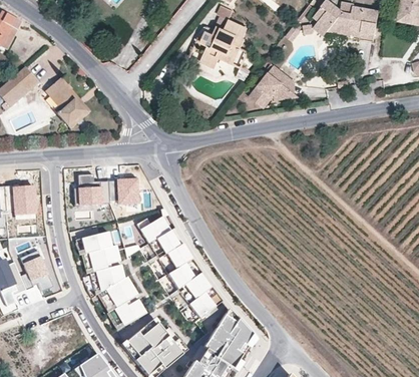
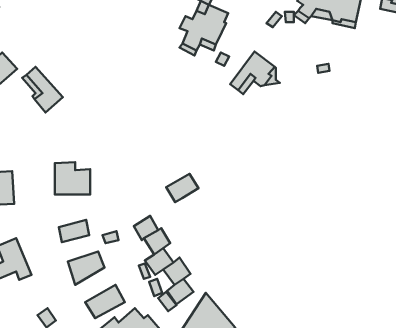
building: [57,76,91,129] -> none
building: [115,177,137,207] -> none
building: [138,214,170,242] -> [166,174,199,202]
building: [80,246,119,274] -> none
building: [96,279,136,313] -> none

